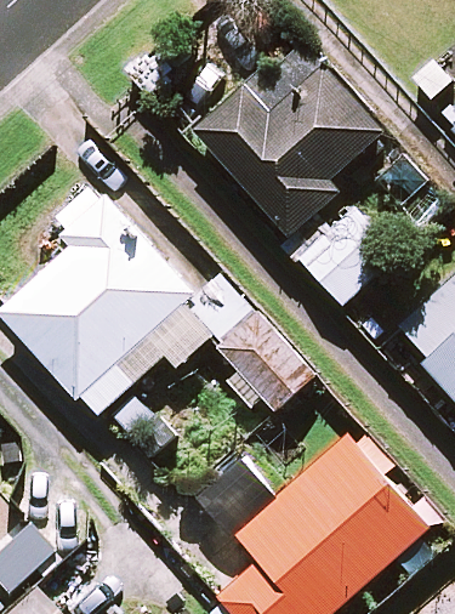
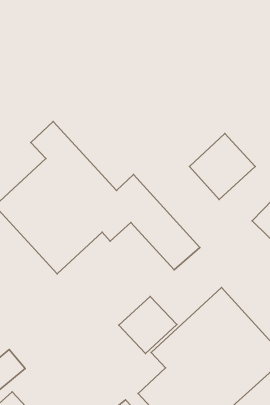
building: [195,67,381,233] -> none

